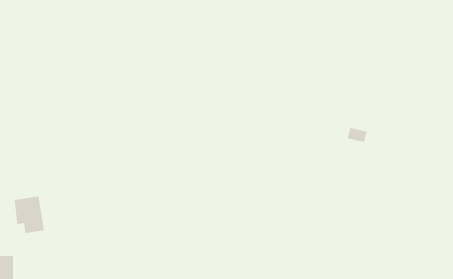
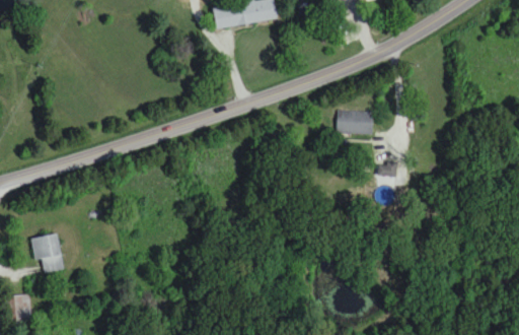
building: none -> [337,110,372,133]

